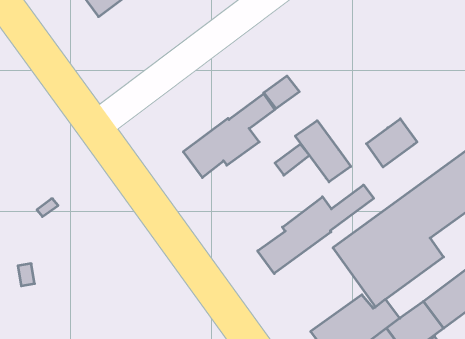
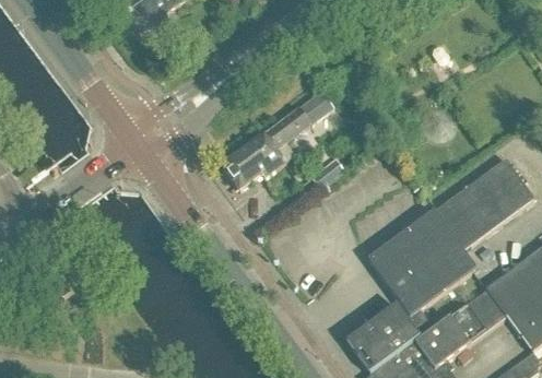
building: [366,119,417,167] -> none
building: [295,121,351,182] -> none
building: [258,185,374,274] -> none

